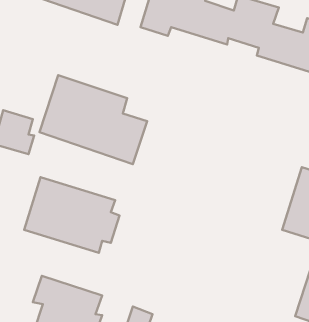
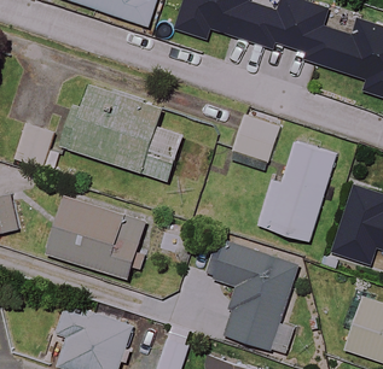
building: none -> [232,115,279,162]
building: none -> [257,141,336,240]
building: none -> [209,241,298,348]

